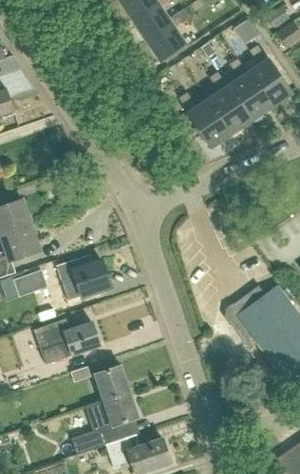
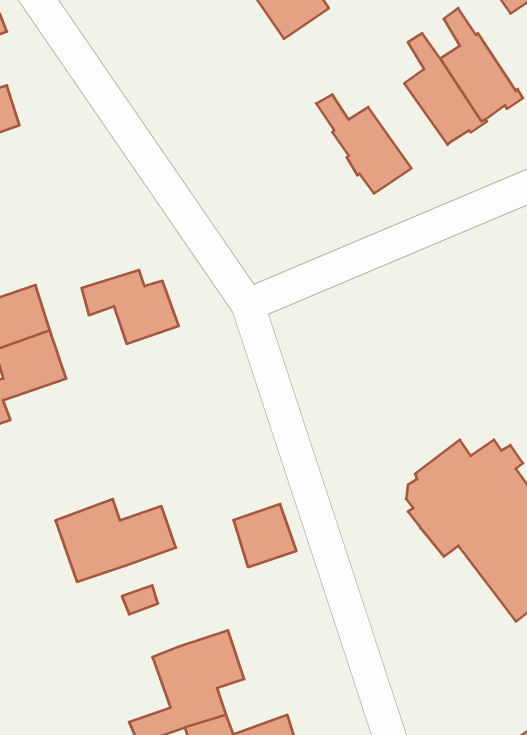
building: [207,72,253,134] -> none
building: [56,255,110,296] -> [82,270,179,344]
building: [13,270,47,297] -> none
building: [94,365,129,400] -> [233,504,296,567]

